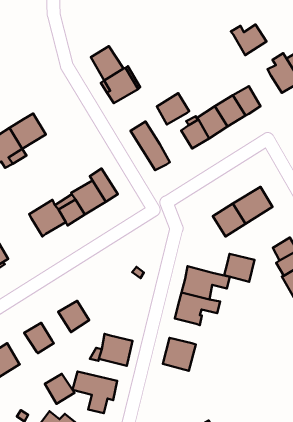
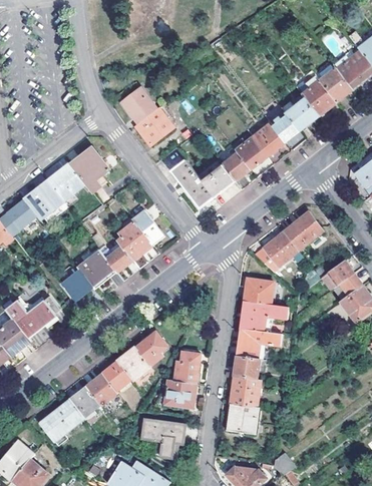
building: [231,24,267,55] -> [282,99,319,131]
building: [157,93,189,125] -> [202,164,235,197]
building: none -> [70,147,108,191]
building: none -> [62,270,95,303]
building: [224,254,255,282] -> [243,279,272,305]
building: none -> [135,332,166,369]
building: none -> [172,351,200,382]
building: none -> [101,361,131,391]
building: none -> [233,355,258,378]
building: none -> [226,402,257,432]
building: [45,374,75,404] -> [69,386,100,417]

